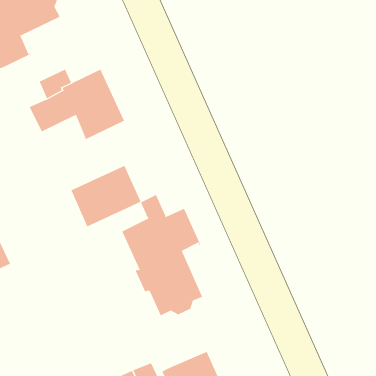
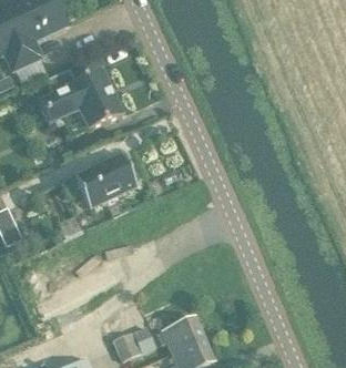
building: [121,194,203,316] -> none

